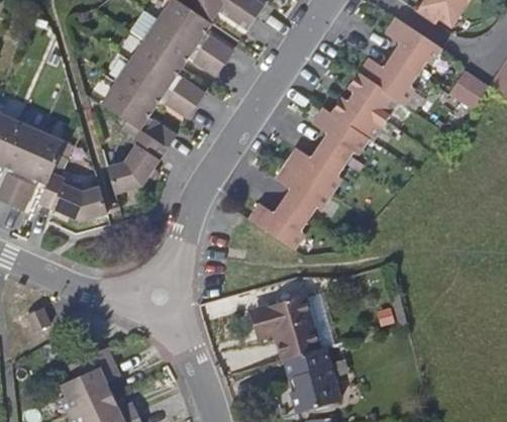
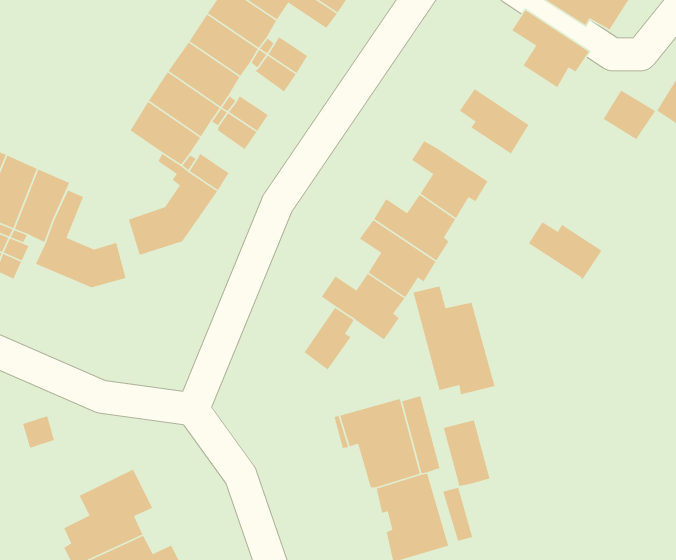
building: [354,56,414,102] -> none
building: [327,98,381,140] -> [528,221,603,280]
building: none -> [412,285,496,395]
building: none -> [303,307,355,370]
building: none -> [443,420,491,487]

